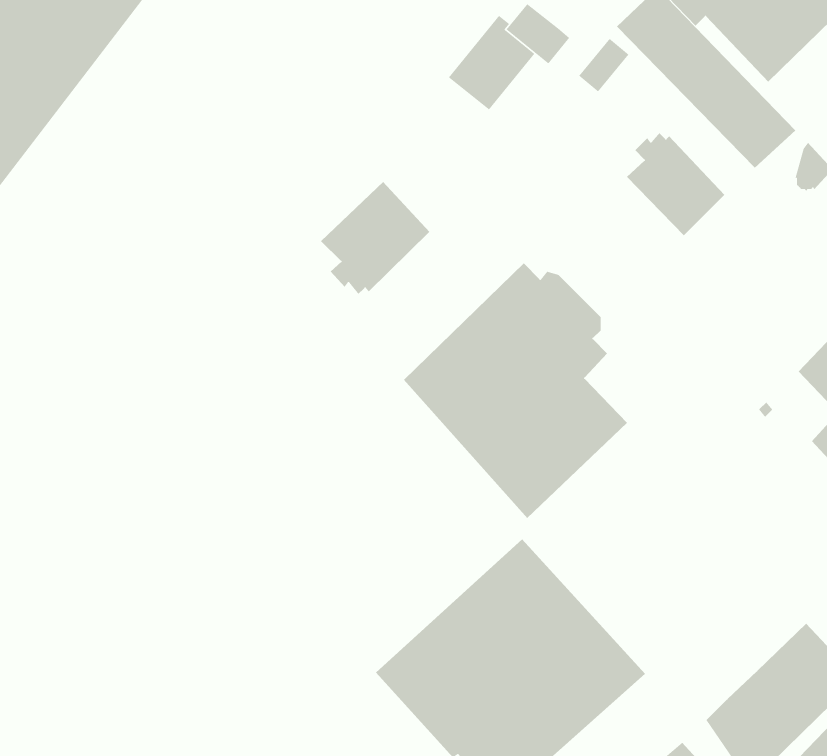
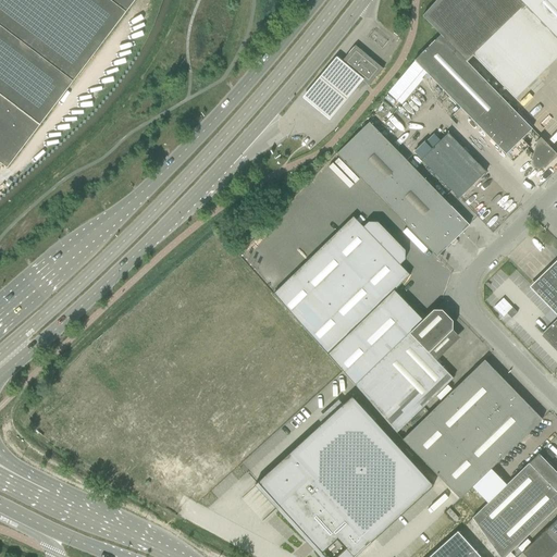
building: none -> [336,121,469,256]
building: [320,181,430,295] -> none
building: none -> [355,309,453,430]
building: none -> [403,359,542,503]

